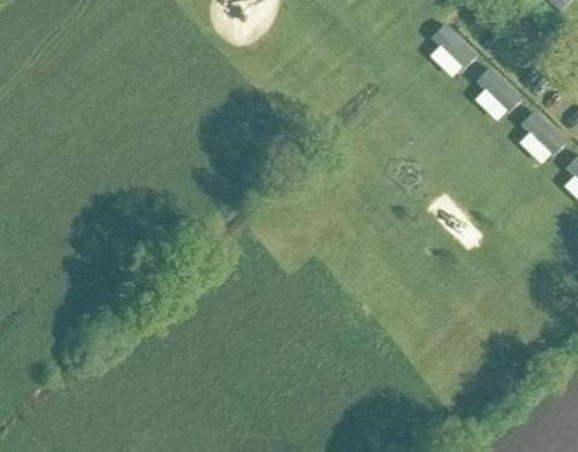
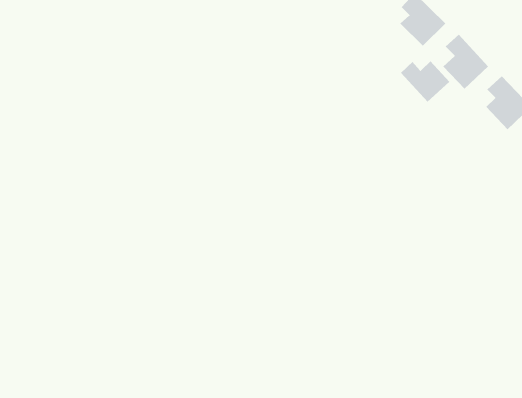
building: none -> [400,60,450,102]

